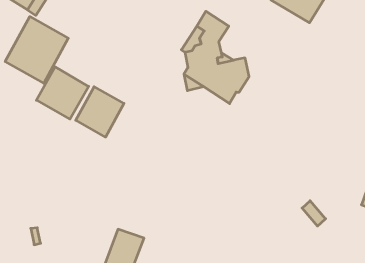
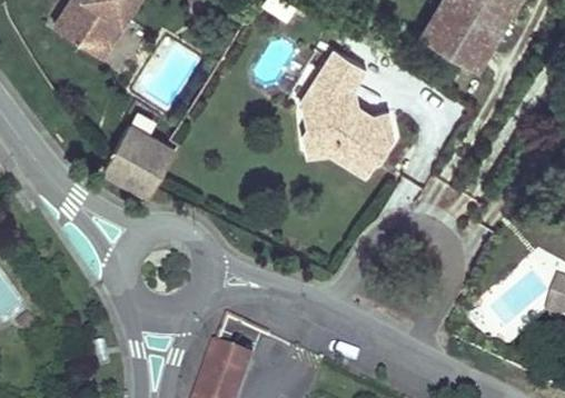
building: [5,17,68,83] -> none
building: [76,87,124,137] -> none

